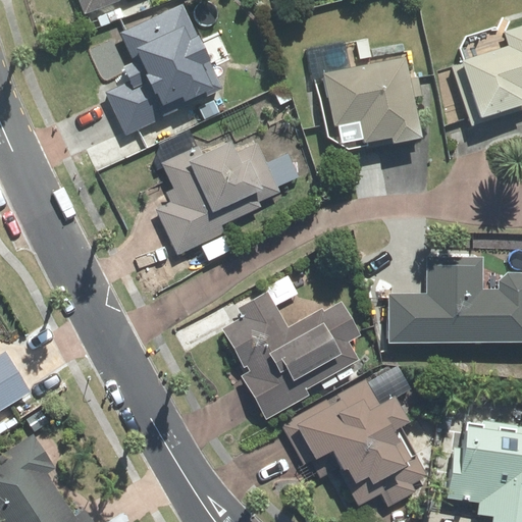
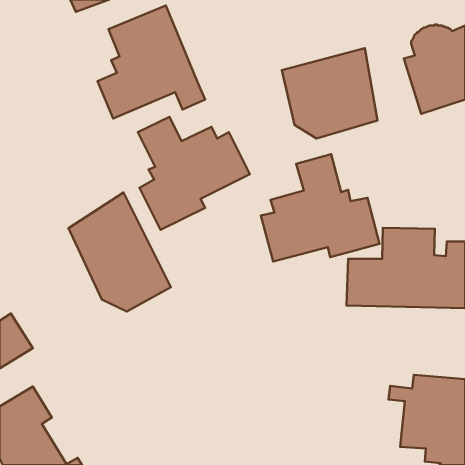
building: none -> [261,154,380,262]
building: none -> [68,192,171,311]
building: [223,290,361,421] -> none
building: [279,359,430,507] -> none

